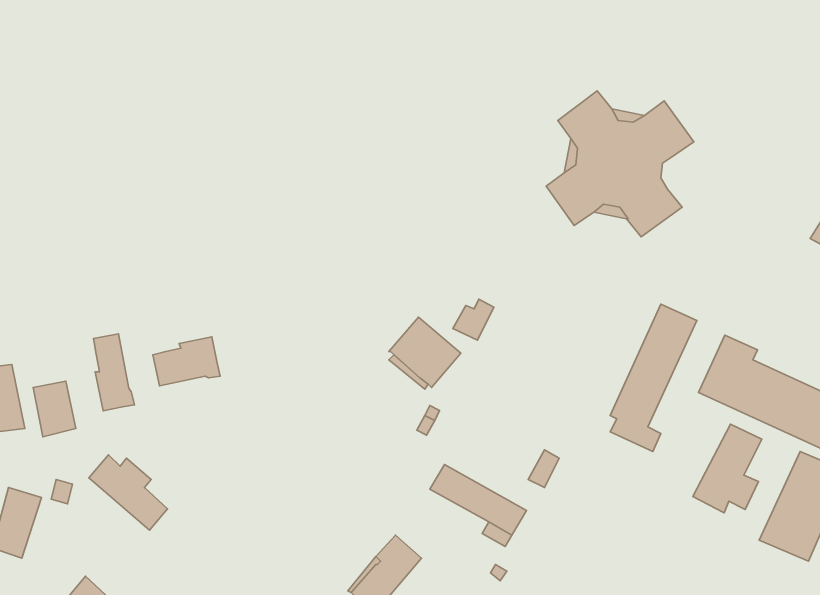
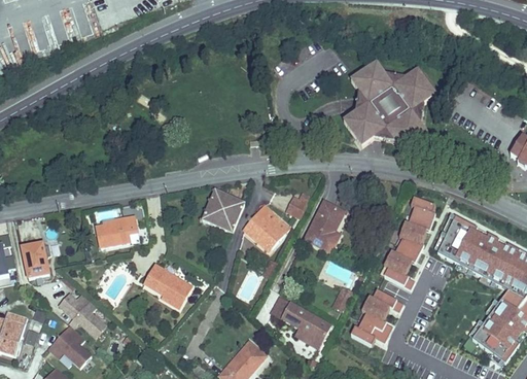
building: none -> [202,188,245,232]
building: none -> [306,200,343,250]
building: [93,334,135,411] -> none
building: none -> [144,265,190,307]
building: [693,424,762,513] -> [352,287,395,343]
building: none -> [48,323,94,368]

